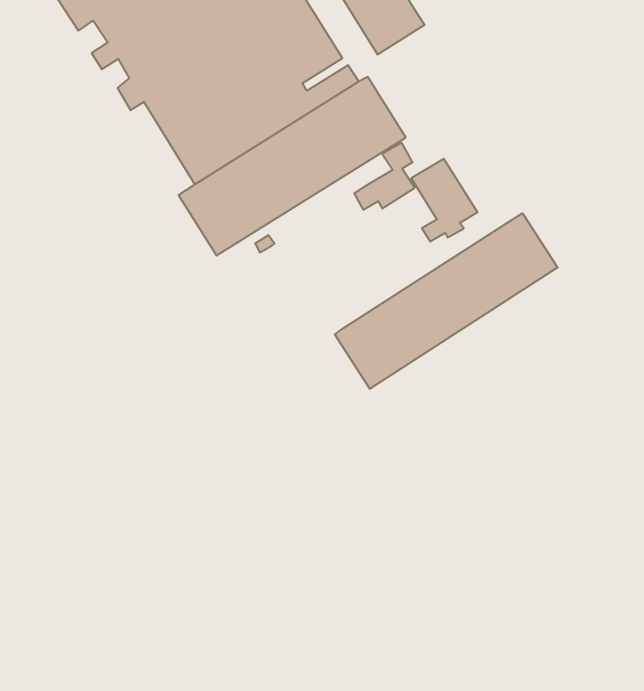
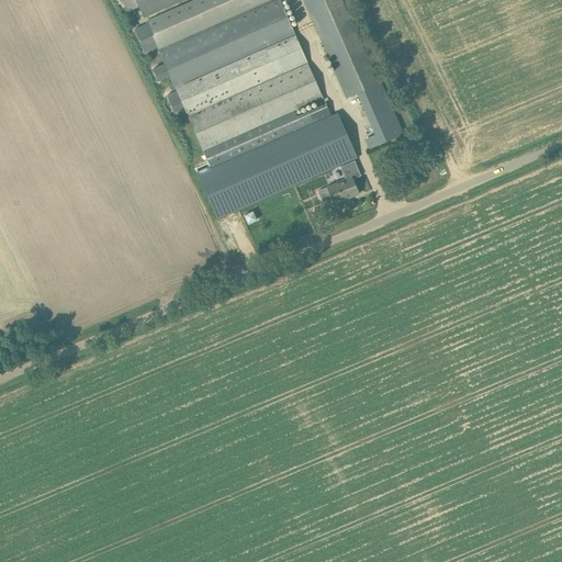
building: [411,159,478,242] -> [362,93,404,148]
building: [335,213,558,389] -> none

